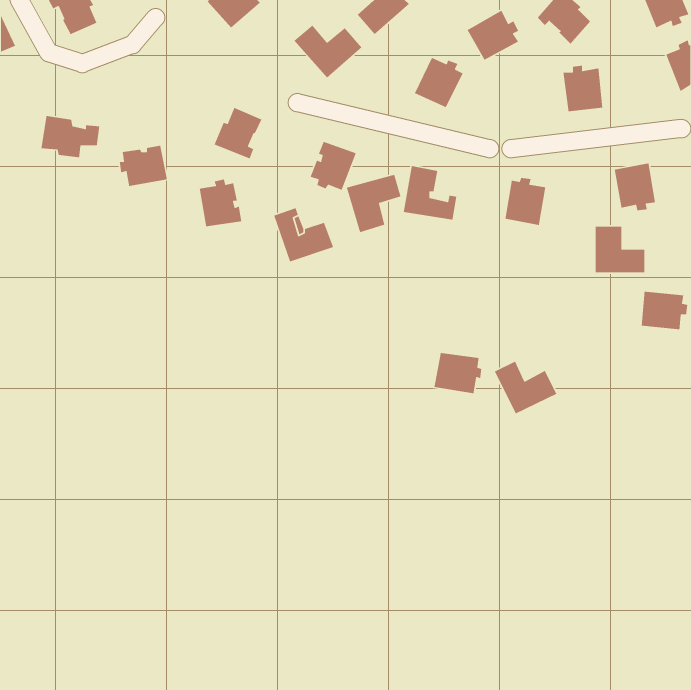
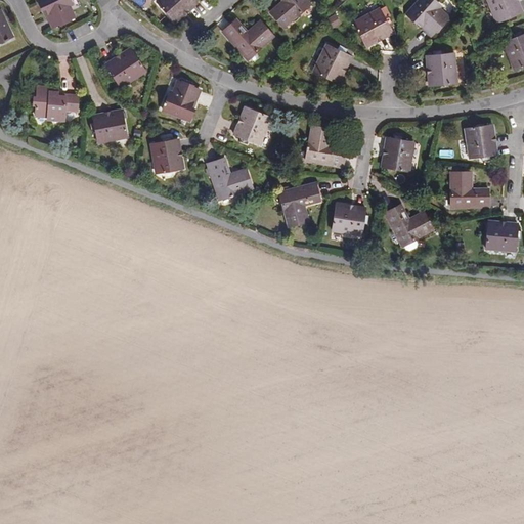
building: none -> [105,48,146,87]
building: [346,174,401,233] -> [278,182,320,227]
building: [433,352,482,394] -> [331,203,367,234]
building: [494,360,557,415] -> [385,204,433,245]

